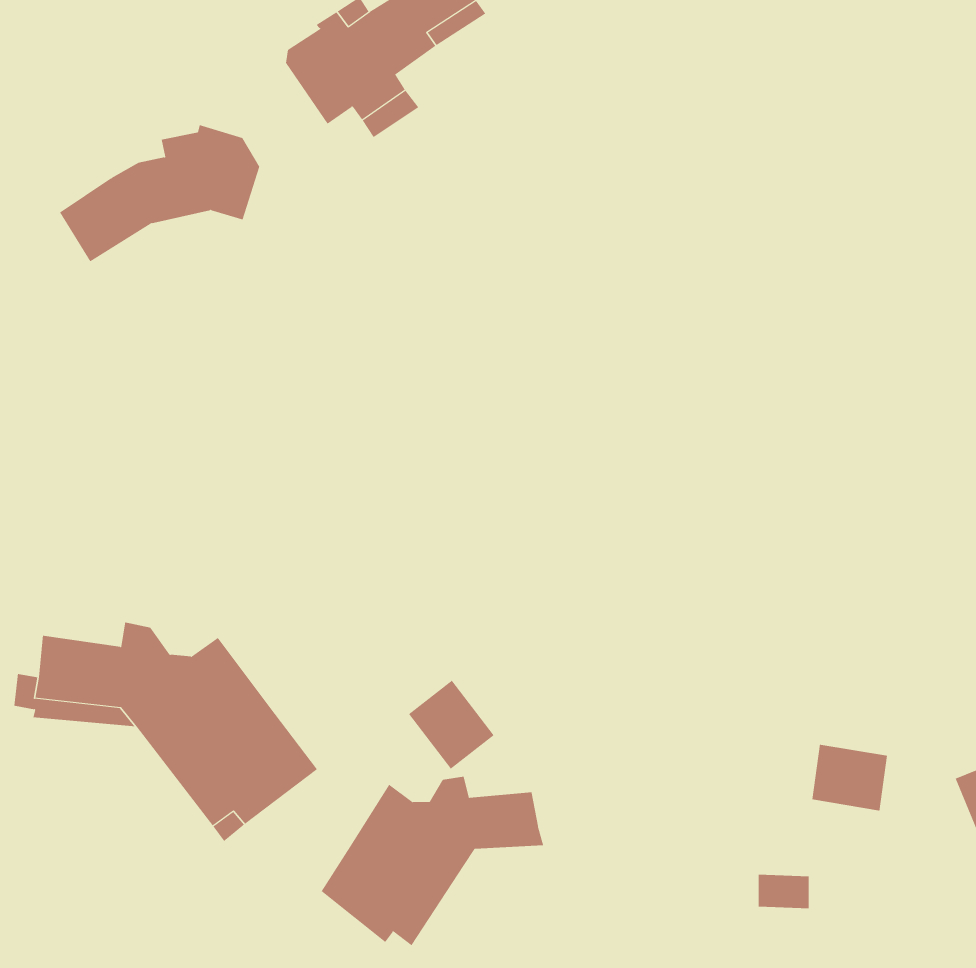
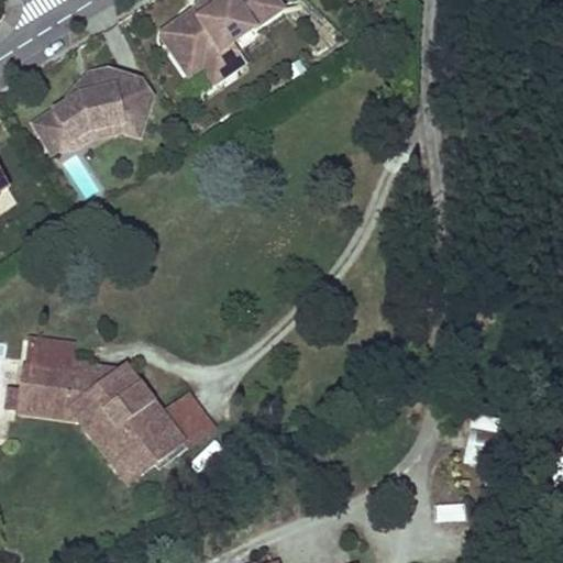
building: none -> [25,335,75,372]
building: [408,680,494,770] -> [159,390,209,442]
building: [321,776,544,946] -> none

